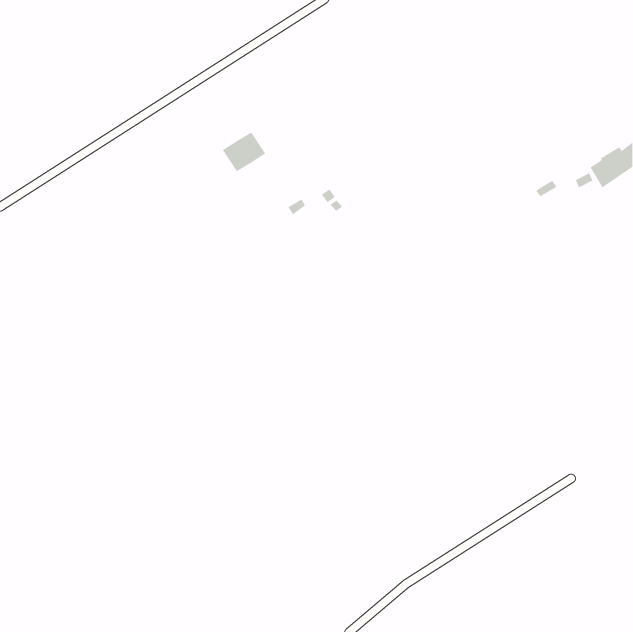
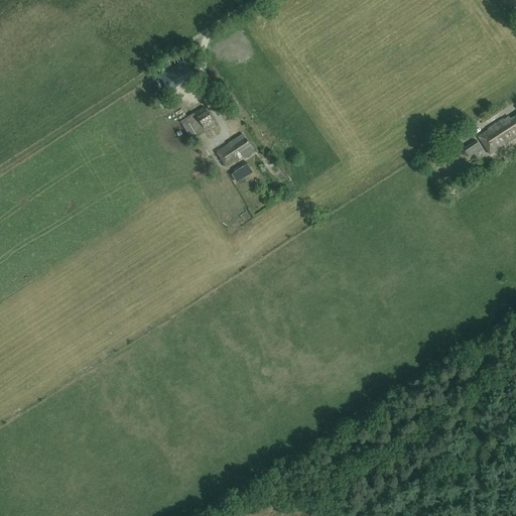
building: none -> [218,134,254,166]

